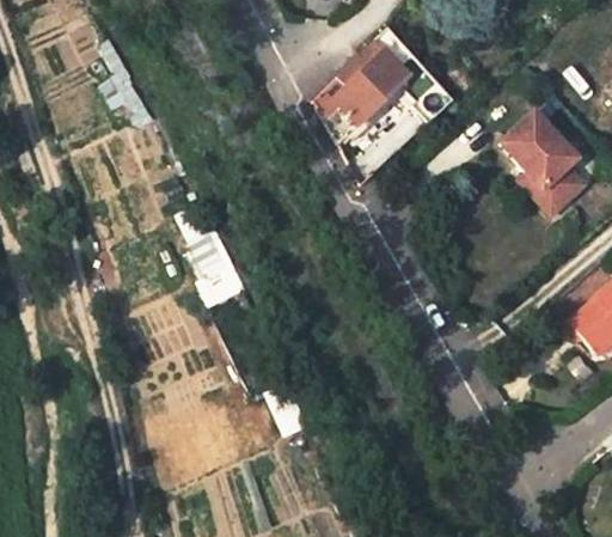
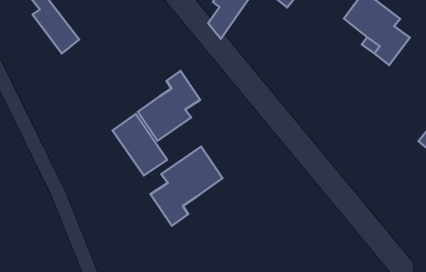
building: none -> [138,71,200,141]
building: none -> [150,147,223,226]

